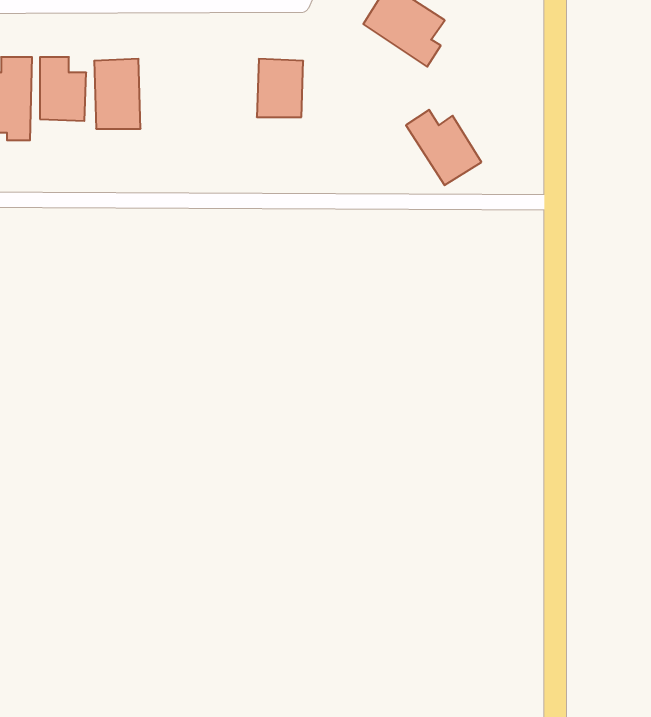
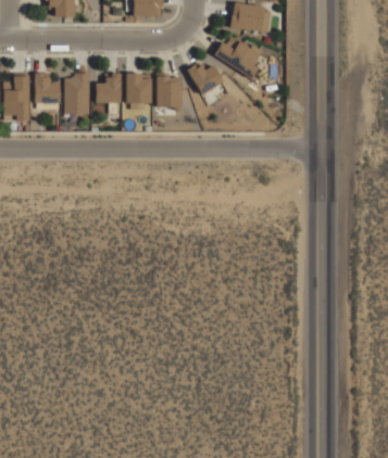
building: none -> [126,73,151,109]
building: none -> [95,74,121,103]
building: [406,110,481,185] -> [186,61,228,103]

